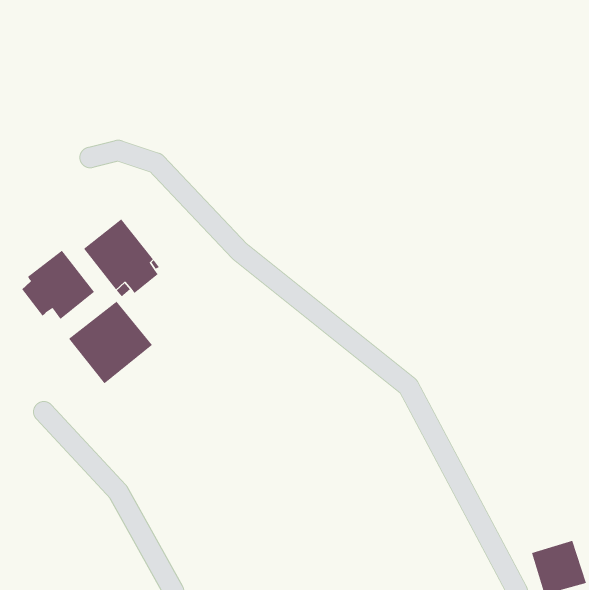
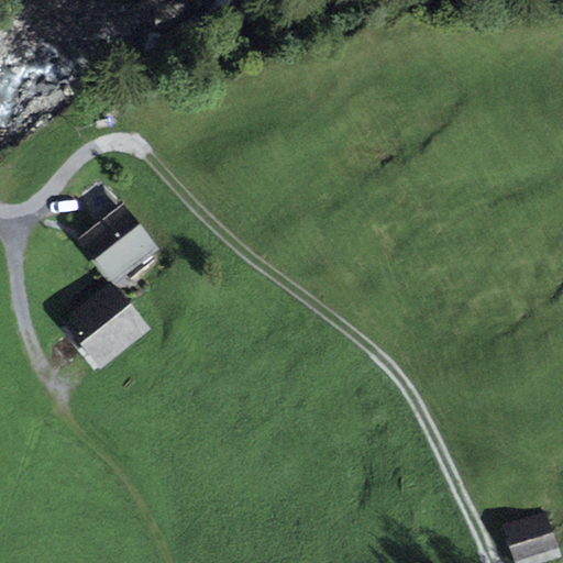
building: [21,250,95,320] -> none

